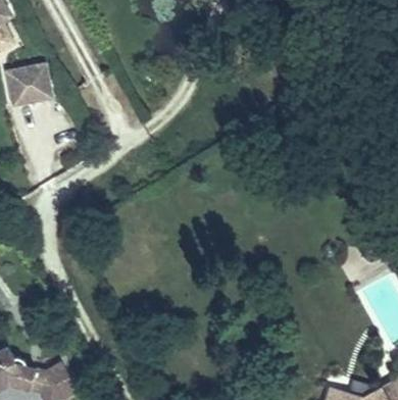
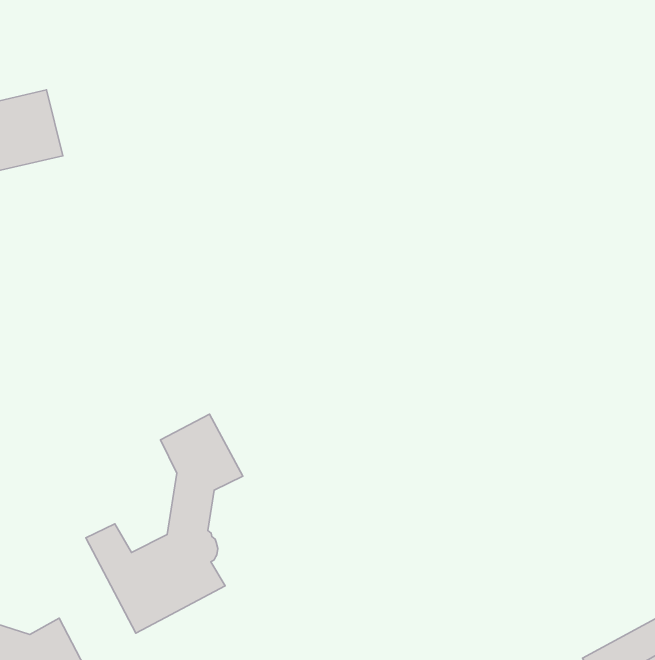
building: none -> [86,414,243,633]

